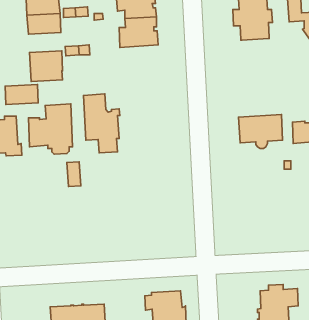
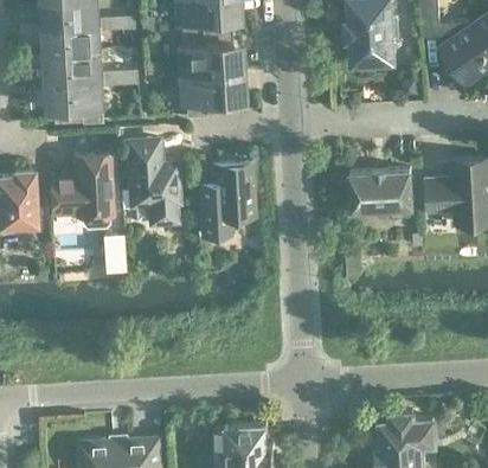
building: none -> [180,71,237,116]
building: [5,85,38,104] -> [50,53,97,82]
building: none -> [198,165,255,238]

